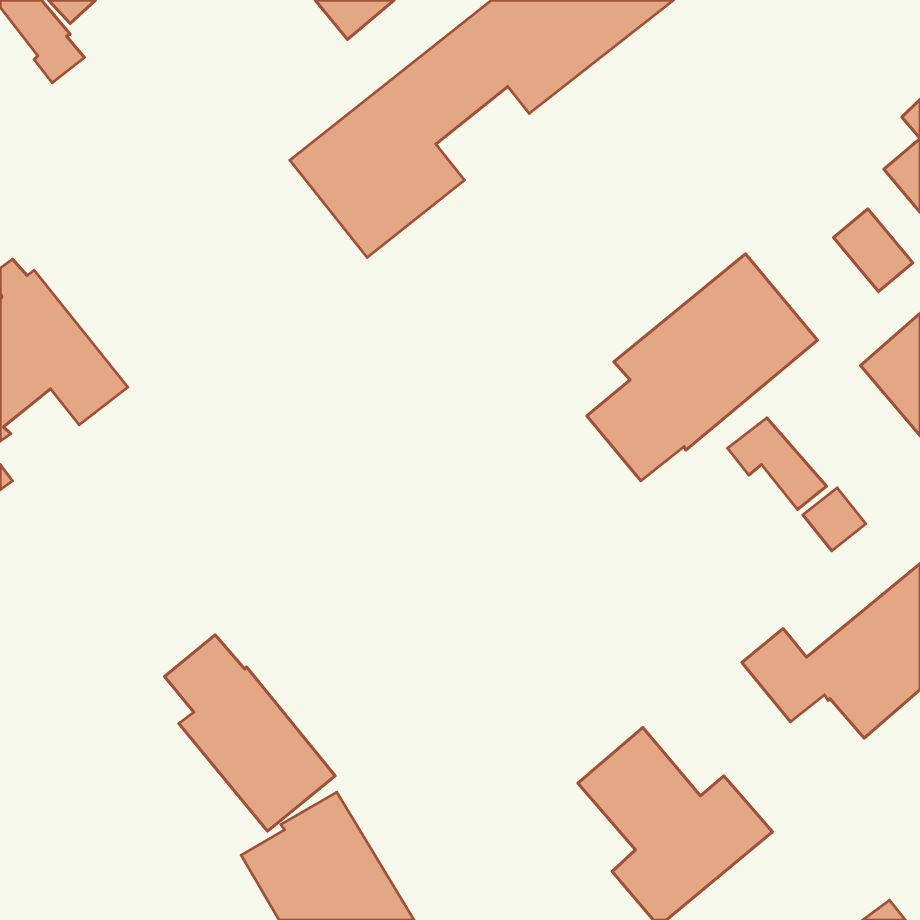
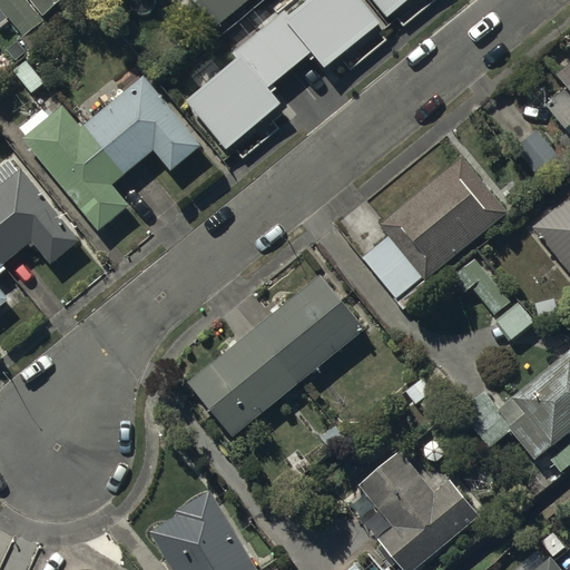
building: none -> [21,73,203,228]
building: none -> [187,273,364,434]
building: [165,635,335,831] -> none

